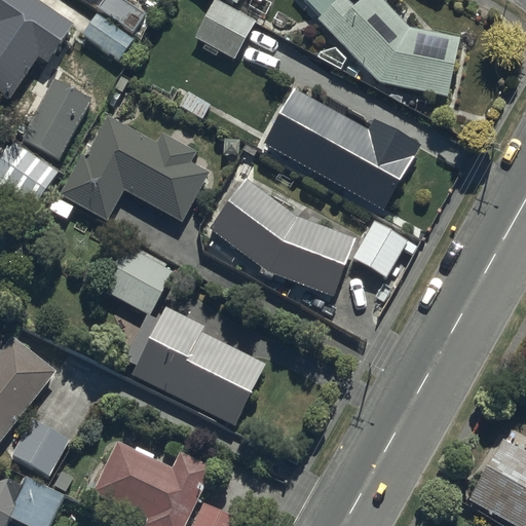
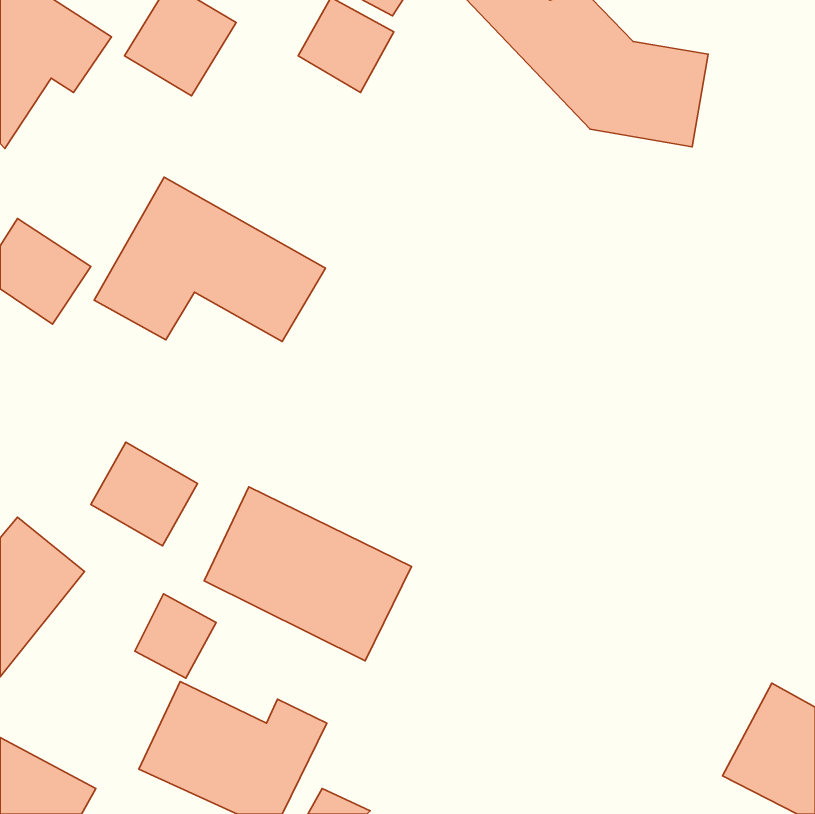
building: [21,78,92,157] -> none
building: [263,87,422,211] -> none
building: [210,177,355,296] -> none
building: [354,224,407,276] -> none
building: [101,246,170,312] -> [91,442,198,546]
building: [15,420,68,475] -> [135,594,216,678]

